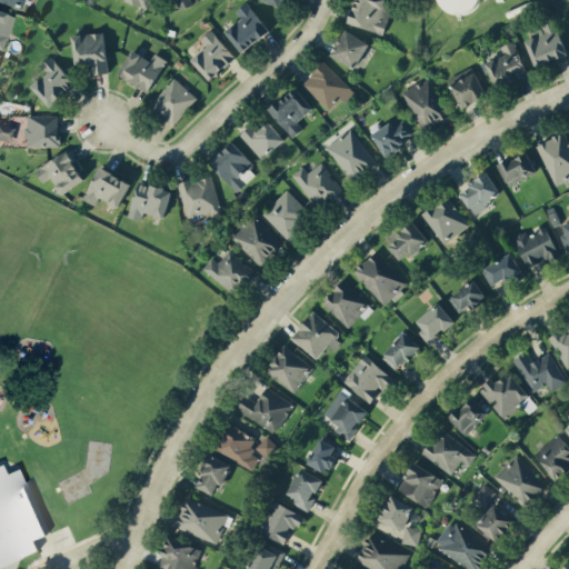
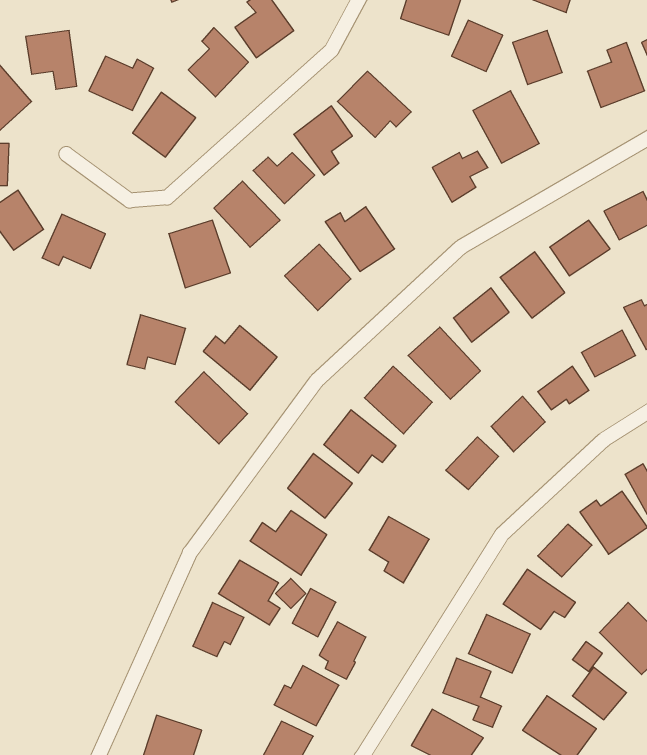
building: [330,31,368,69] -> [452,20,503,71]
building: [448,68,485,108] -> [513,30,562,85]
building: [325,129,376,181] -> none
building: [127,181,170,221] -> [127,315,186,369]
building: [229,213,282,267] -> [175,372,248,444]
building: [342,356,395,402] -> none
building: [306,438,338,473] -> [292,589,336,637]
building: [174,498,228,543] -> none

